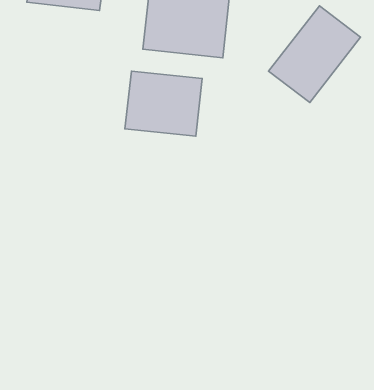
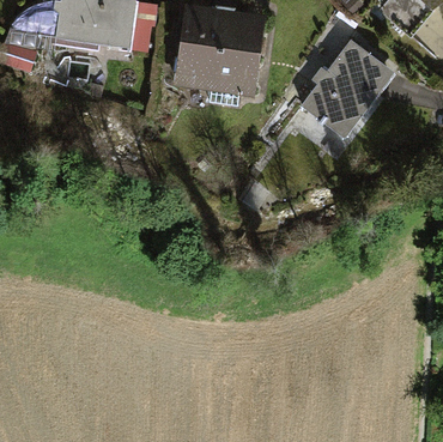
building: [125,71,202,136] -> none

